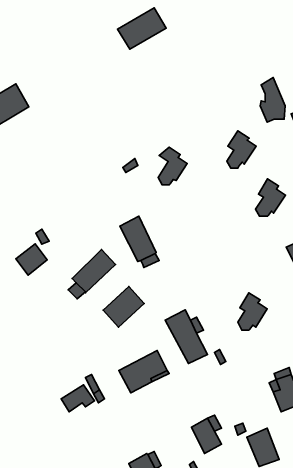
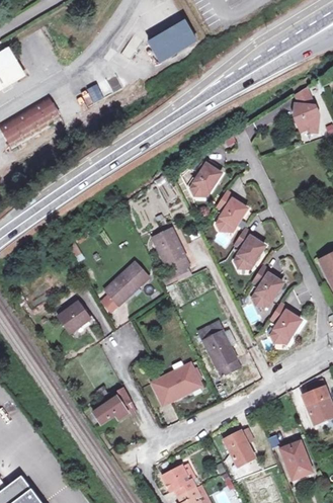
building: [227,131,256,168] -> [217,194,246,232]
building: [255,179,286,216] -> [234,231,264,268]
building: [16,244,47,275] -> [58,302,89,333]
building: none -> [252,268,282,306]
building: [103,287,144,327] -> none

